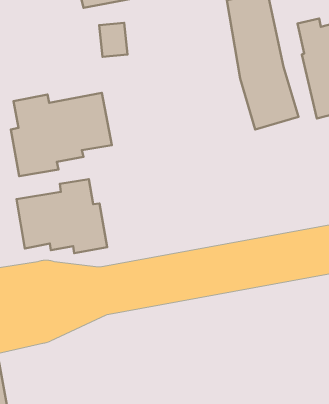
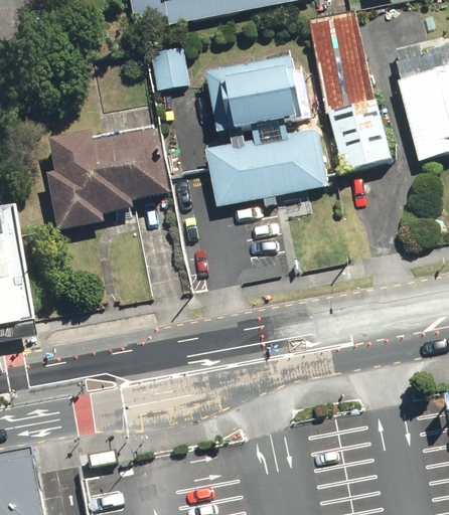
building: none -> [195,41,316,192]
building: [16,179,107,253] -> none

